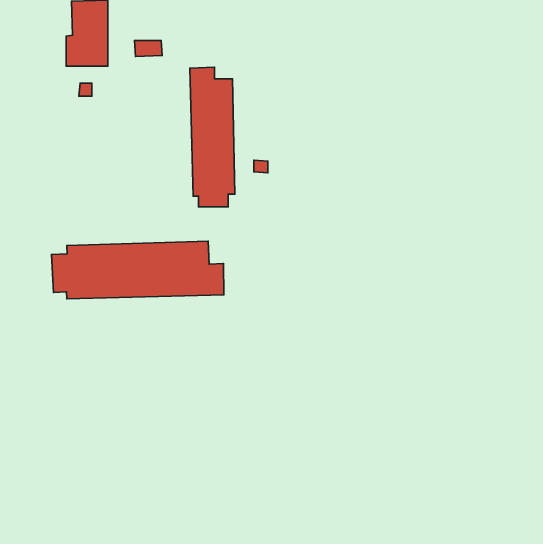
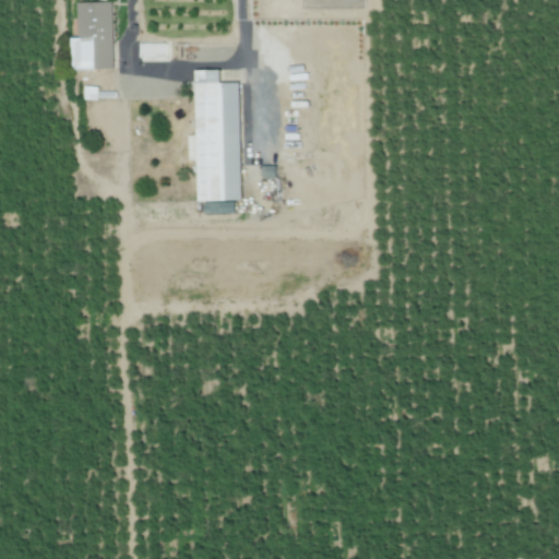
building: [51,241,224,299] -> none

